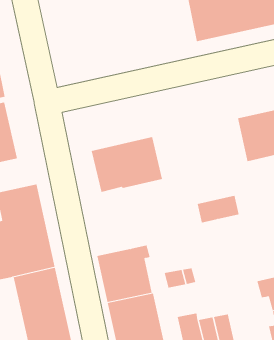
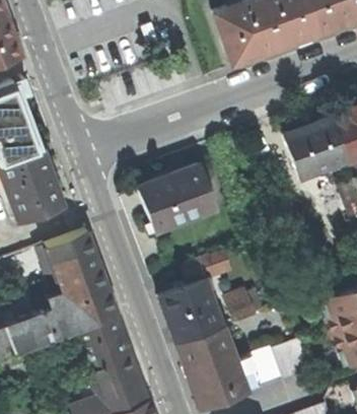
building: [197,195,240,223] -> [187,252,232,285]

